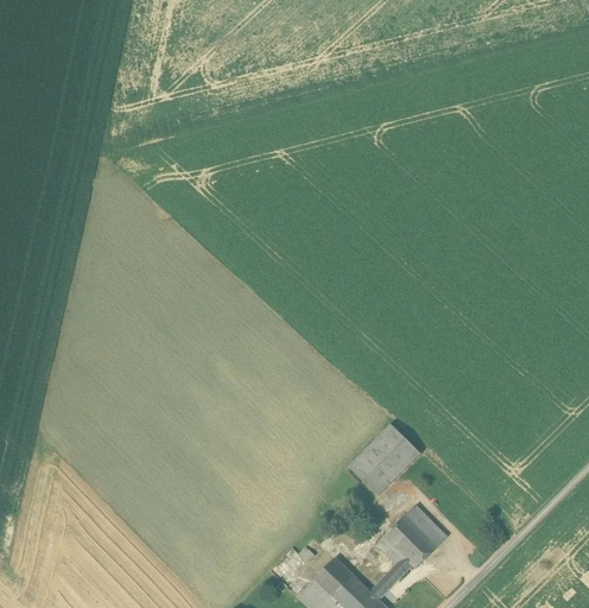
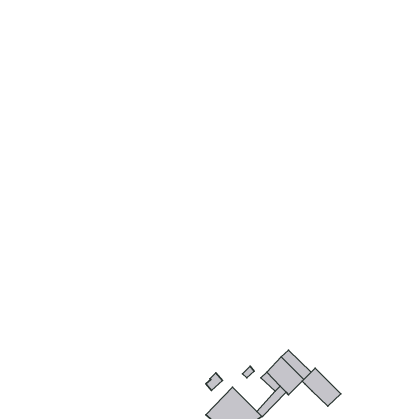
building: [350,426,422,498] -> none
building: none -> [302,368,341,406]

